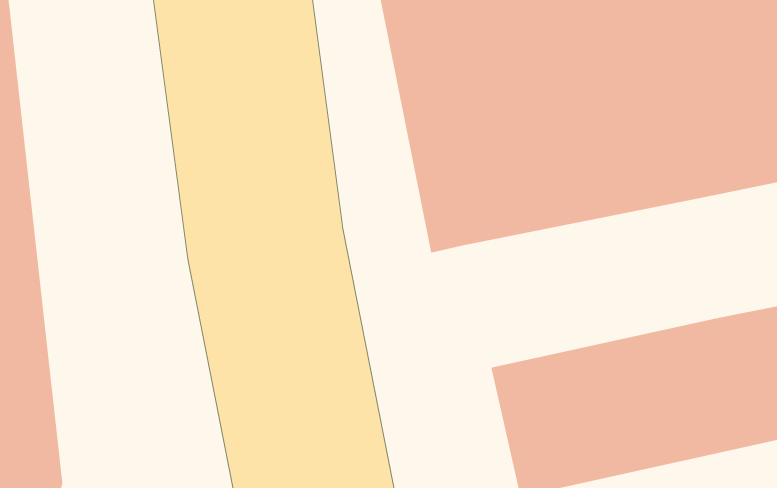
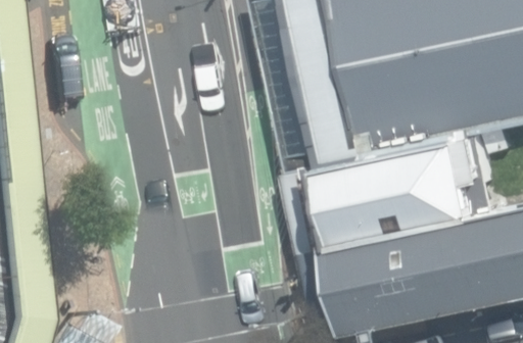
building: none -> [307,139,481,252]

